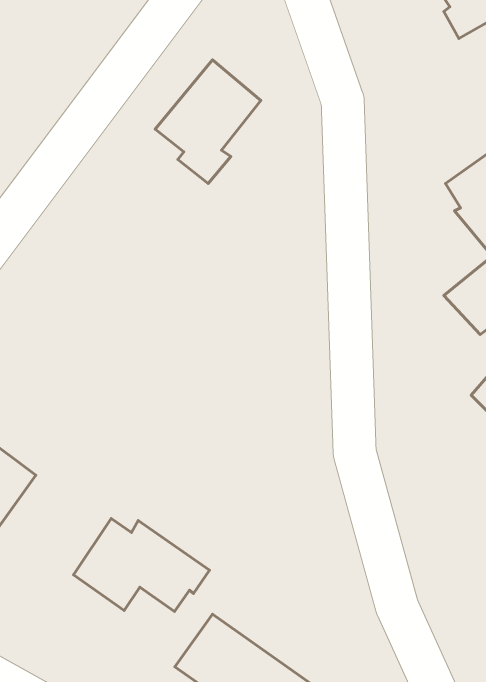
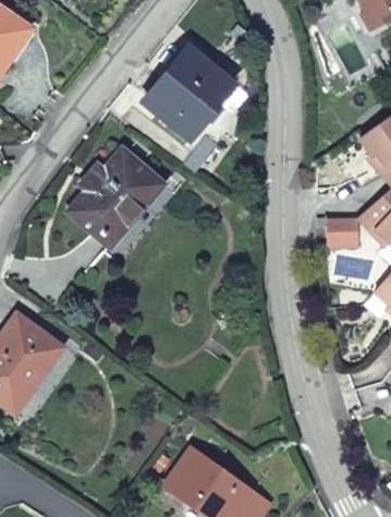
building: none -> [69,148,163,247]
building: none -> [327,217,358,248]
building: [73,518,209,612] -> none

